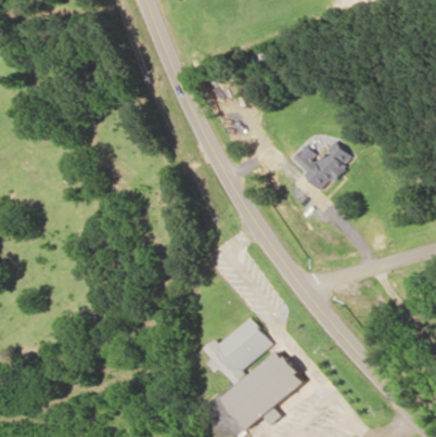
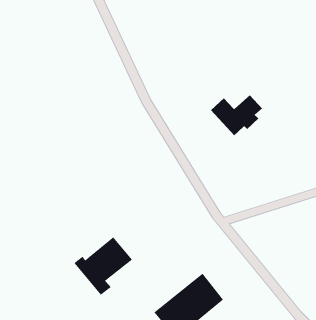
building: [204,317,273,386] -> [74,236,133,296]

